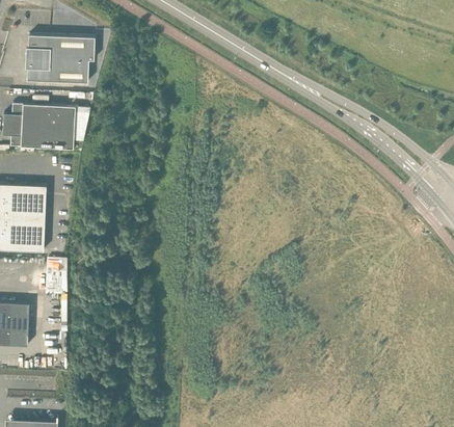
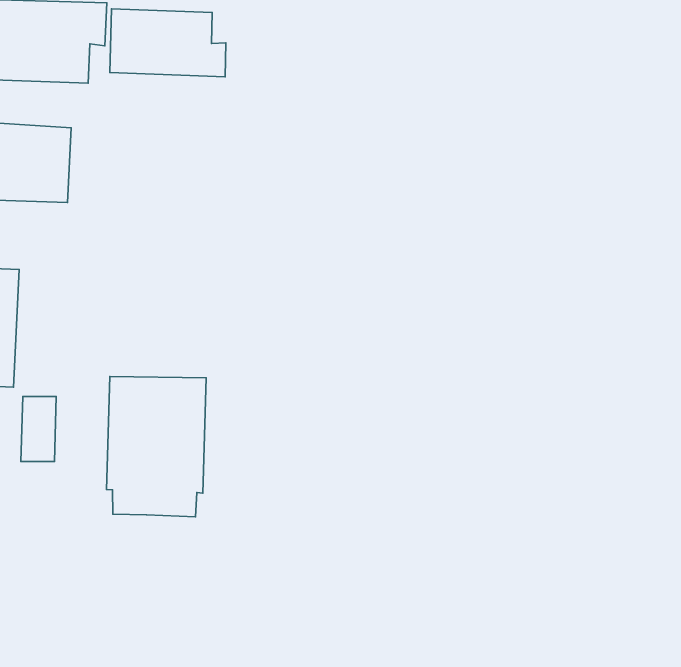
building: none -> [110,9,226,77]
building: none -> [107,376,206,517]

